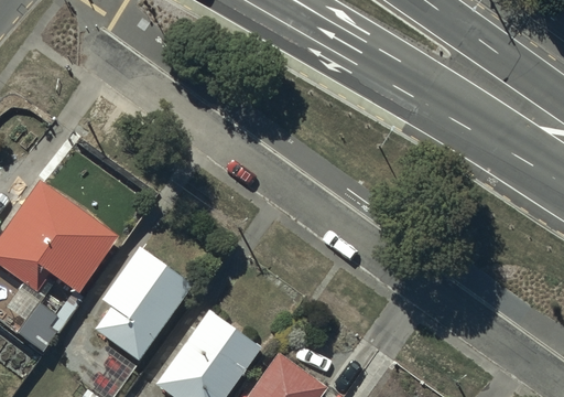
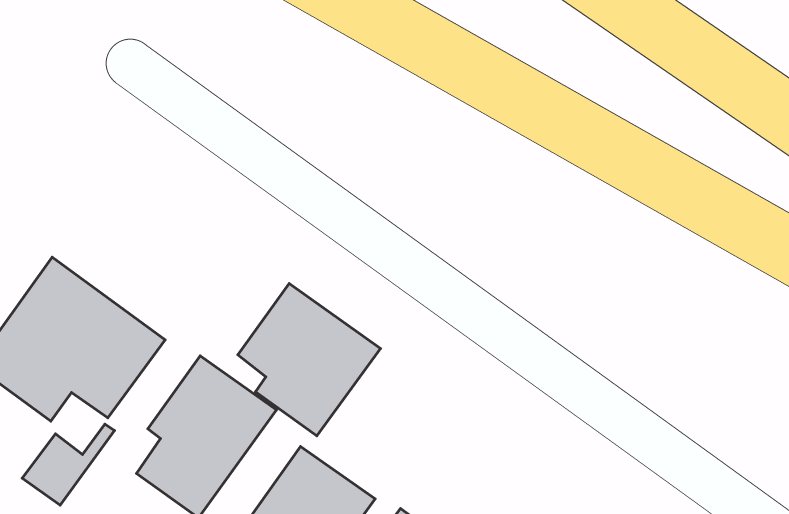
building: none -> [238,283,380,436]

